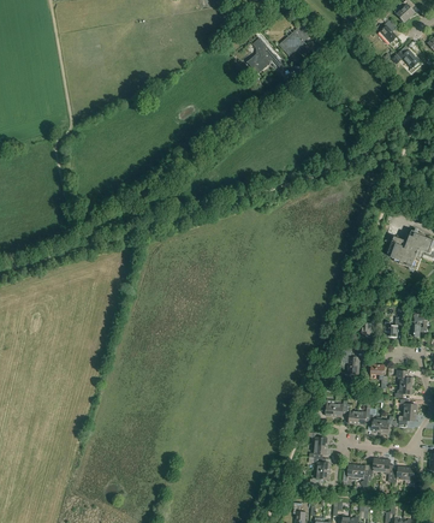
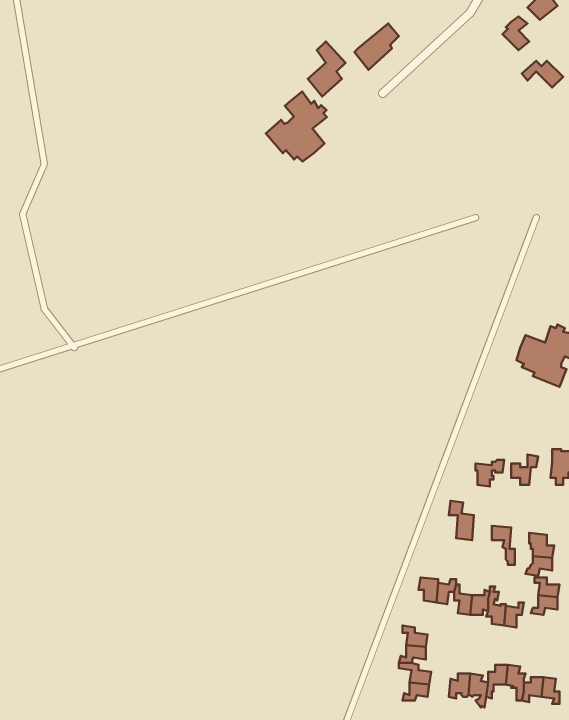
building: none -> [266,91,327,161]

